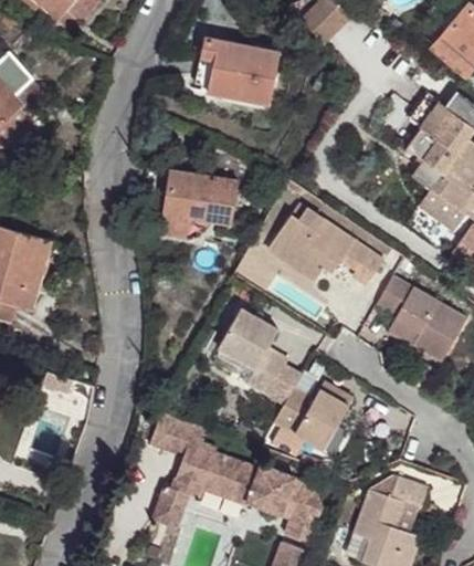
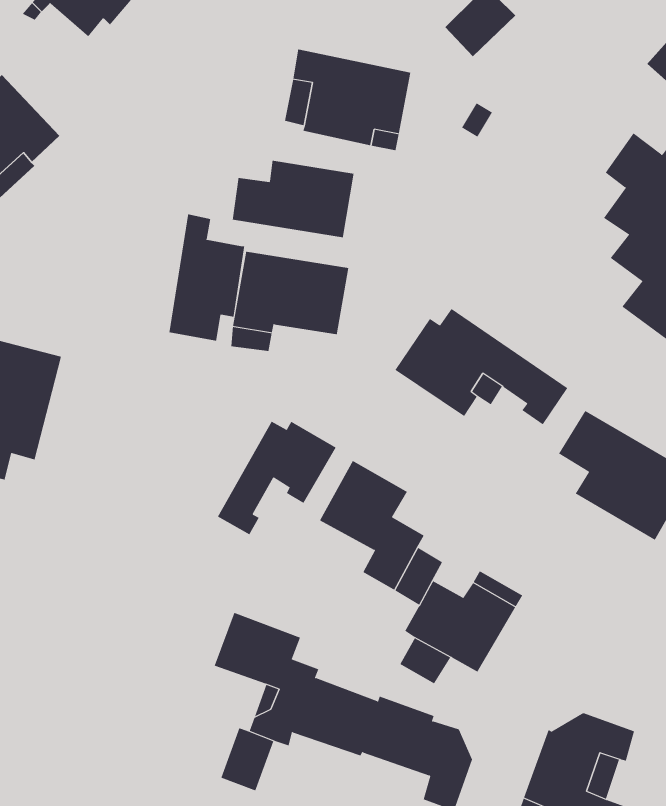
building: none -> [232,160,354,238]
building: none -> [169,214,245,342]
building: none -> [217,421,337,535]

